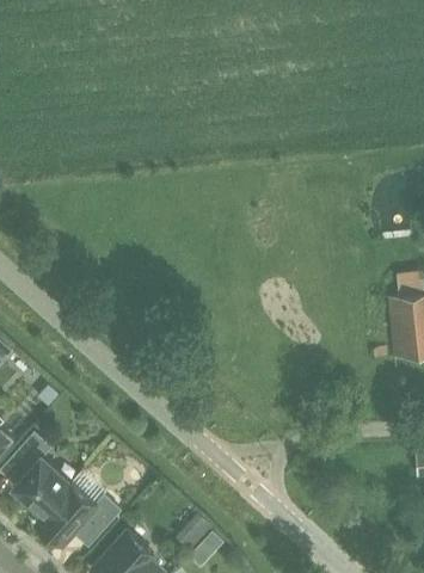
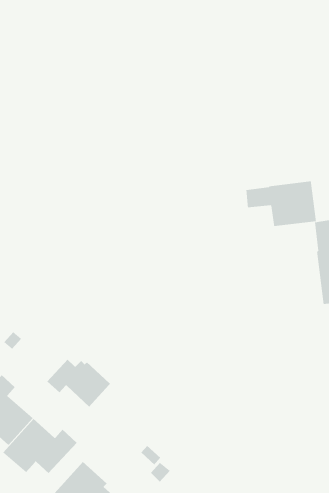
building: none -> [246,181,317,227]
building: none -> [46,359,116,408]

